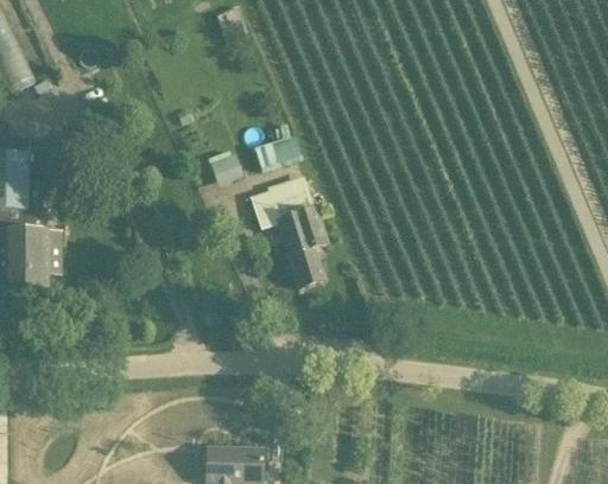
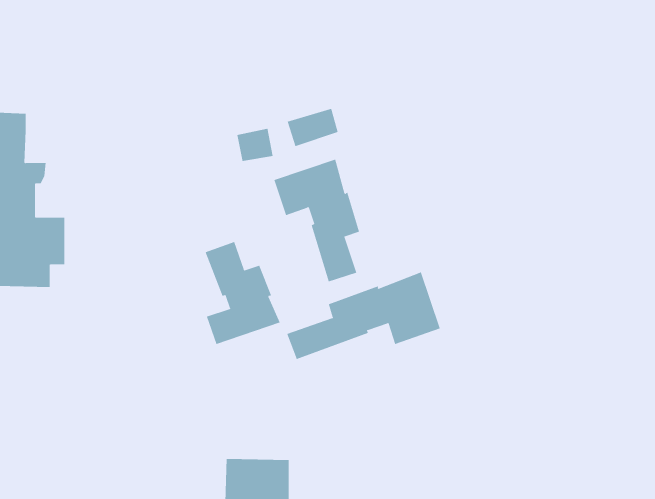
building: none -> [205,241,280,345]
building: none -> [286,271,441,360]

